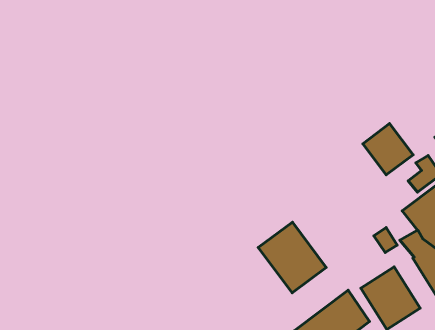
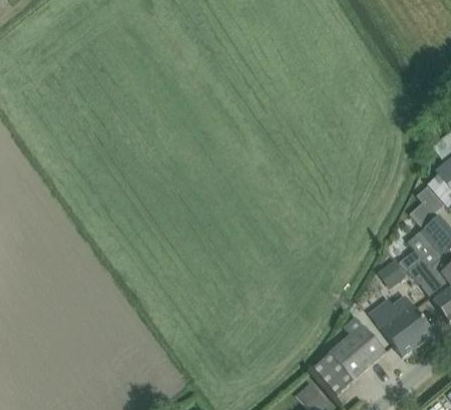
building: [363,124,413,175] -> none
building: [258,222,326,293] -> none

